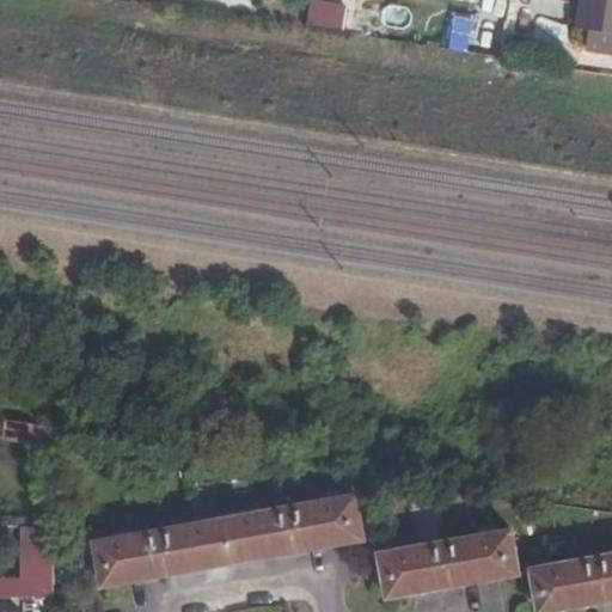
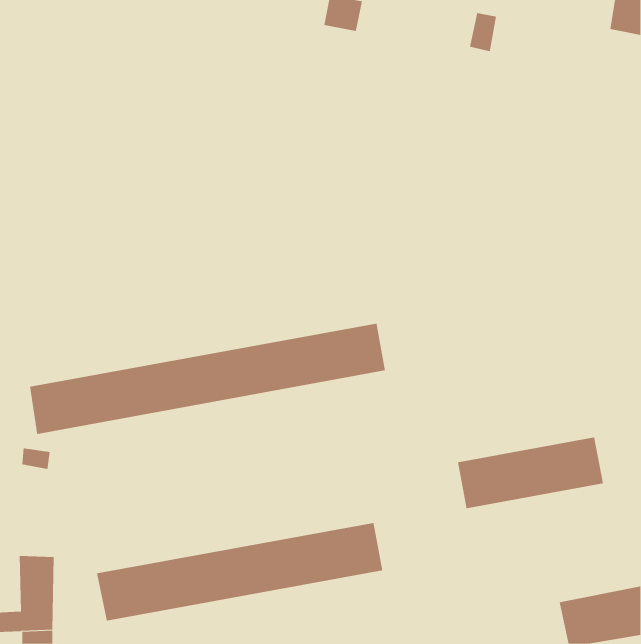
building: none -> [30,323,385,435]
building: [378,530,516,598] -> [457,437,604,509]

